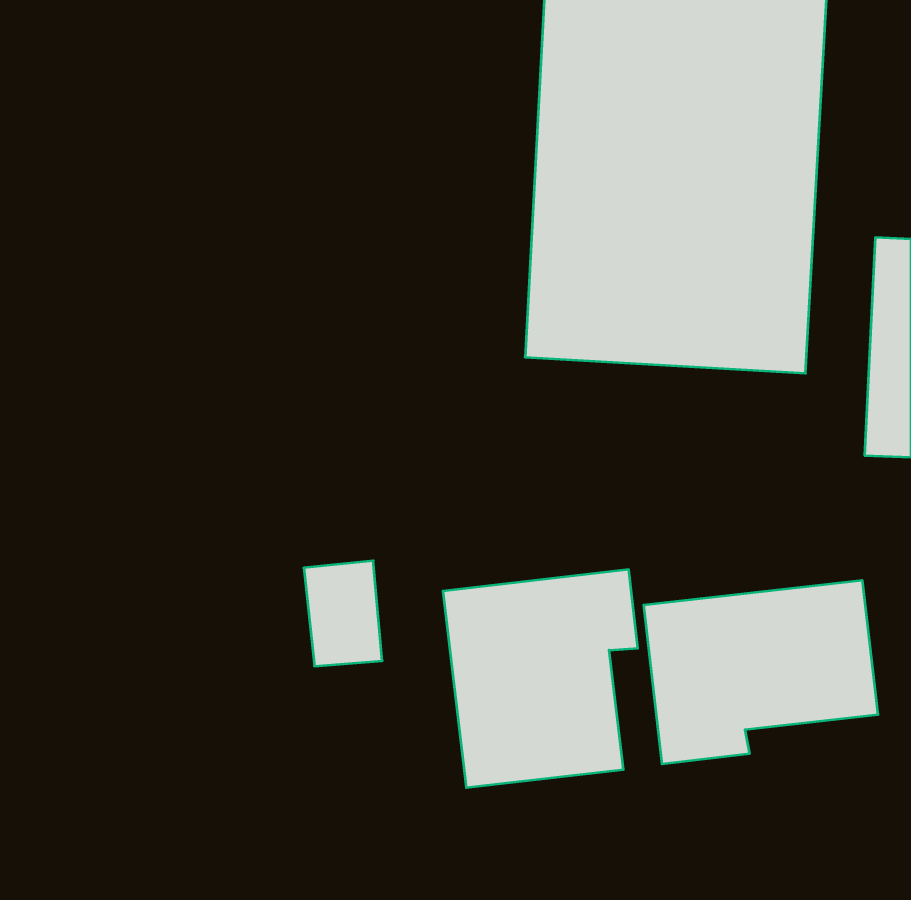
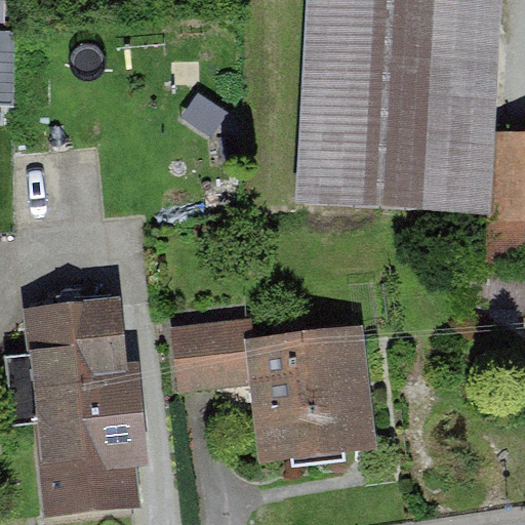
building: none -> [32,299,145,507]
building: [644,580,878,764] -> none

